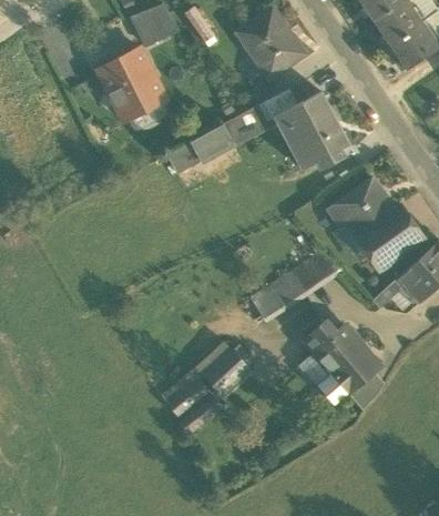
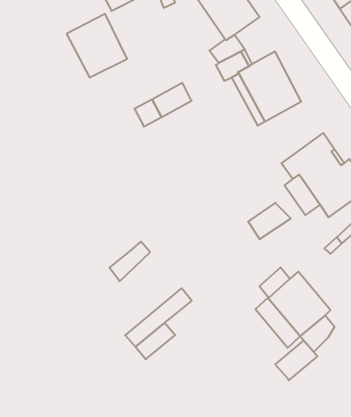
building: [223,105,267,142] -> none
building: [261,272,305,312] -> none
building: [208,348,252,391] -> [109,242,150,281]
building: none -> [275,341,318,380]

